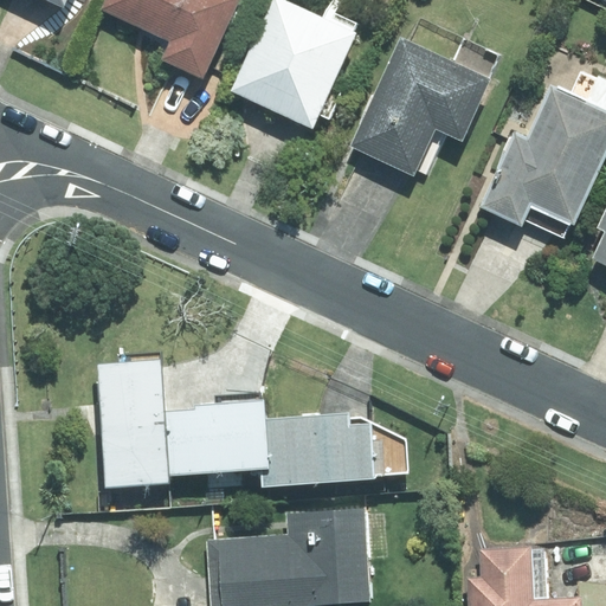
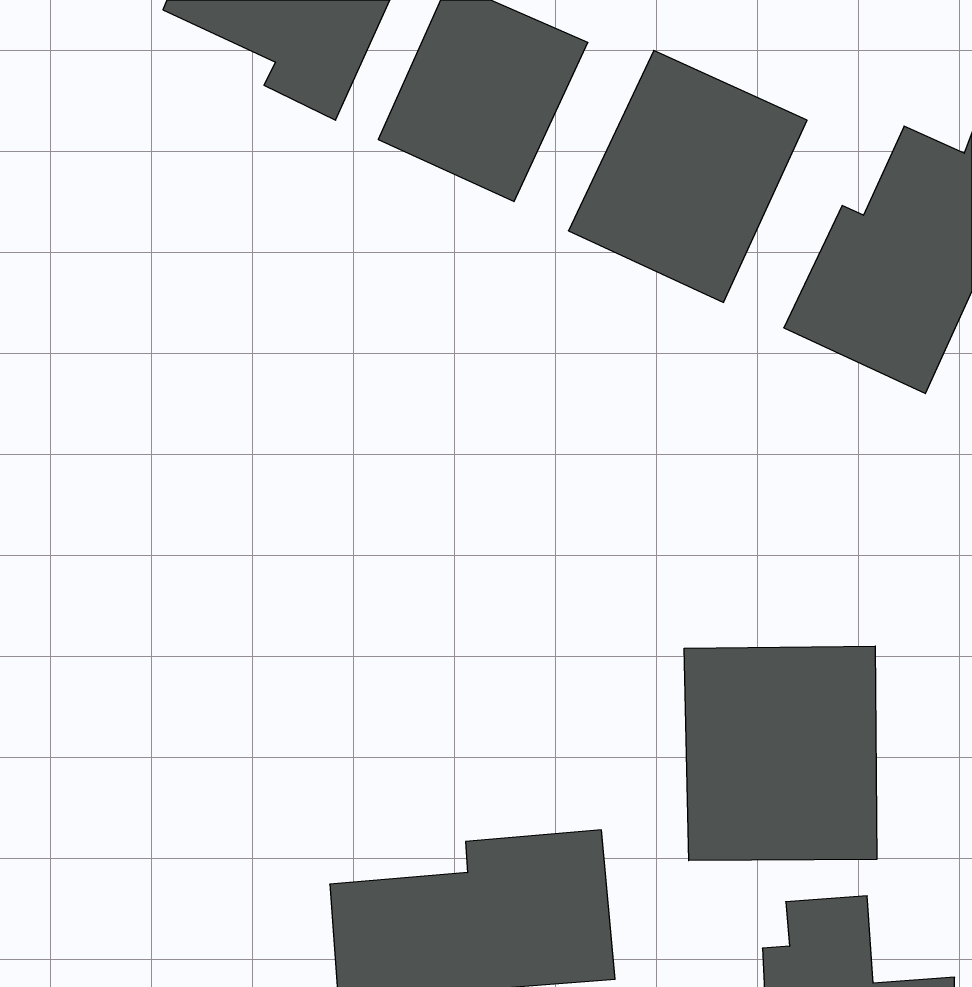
building: [99,362,379,486] -> none
building: none -> [684,646,877,861]

